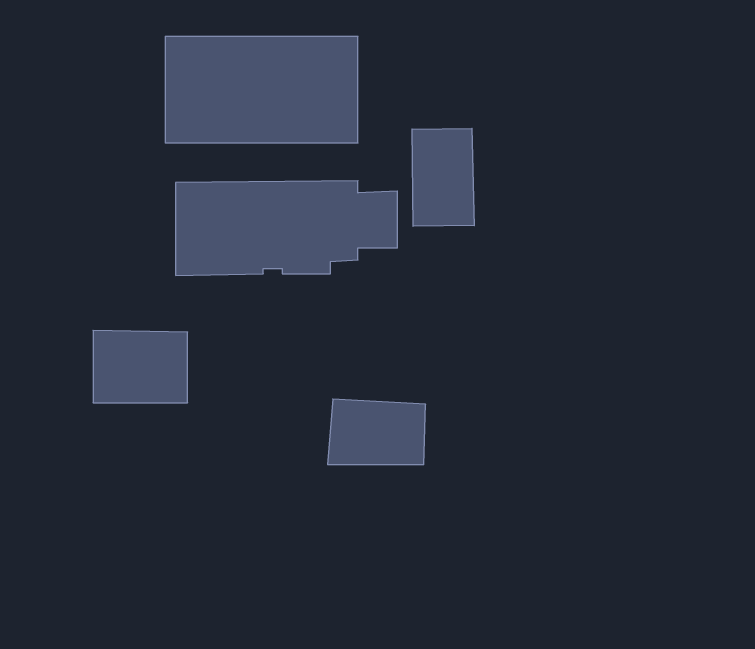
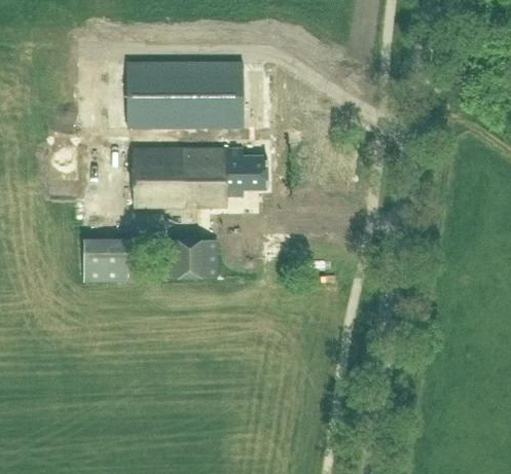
building: [412,128,474,226] -> none
building: [328,399,426,465] -> [159,239,218,278]

